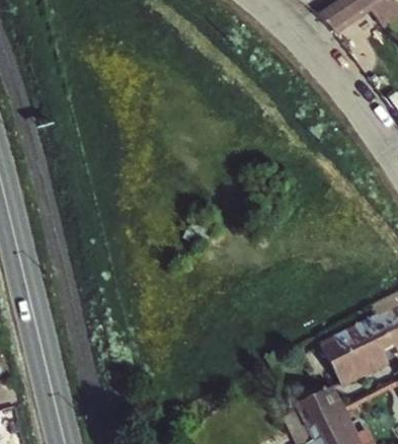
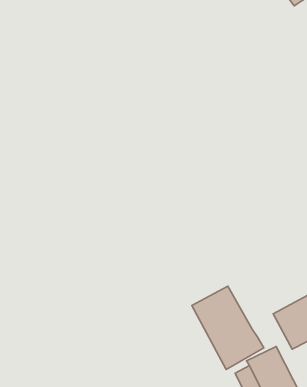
building: none -> [192,286,264,369]

